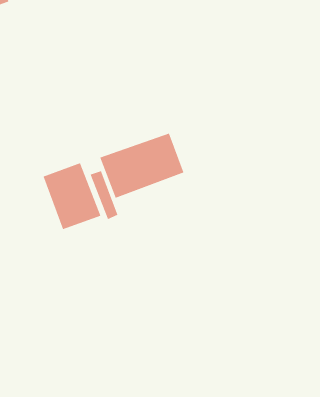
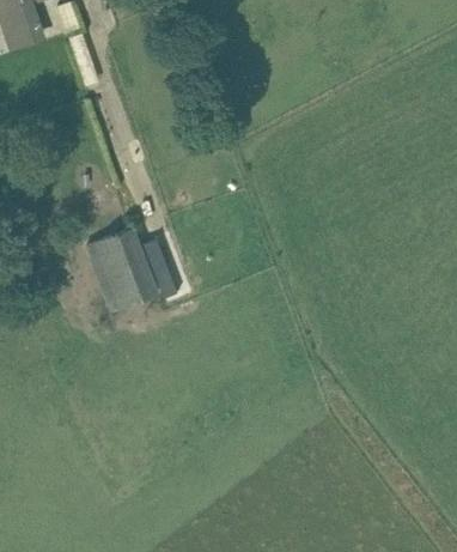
building: [99,132,184,199] -> none

